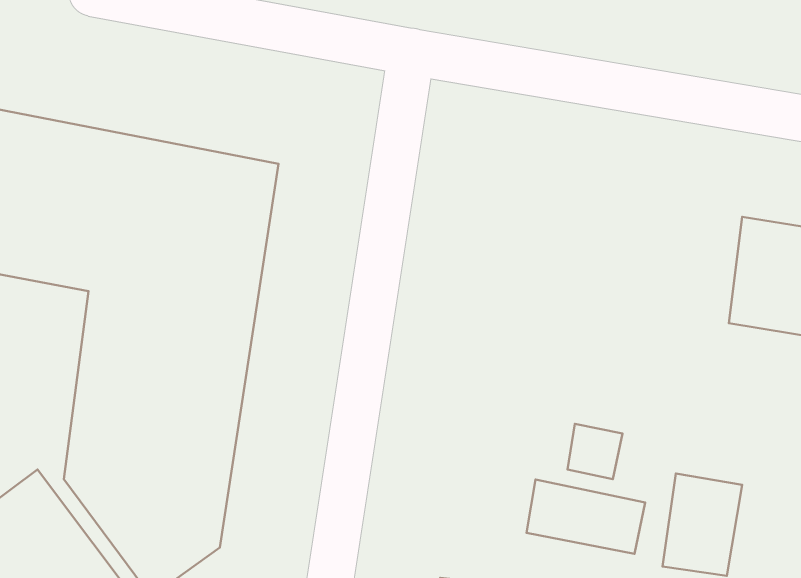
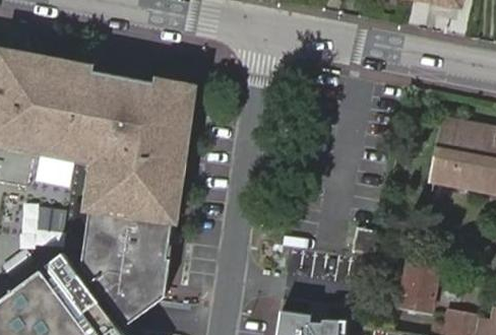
building: [526,479,645,554] -> none

